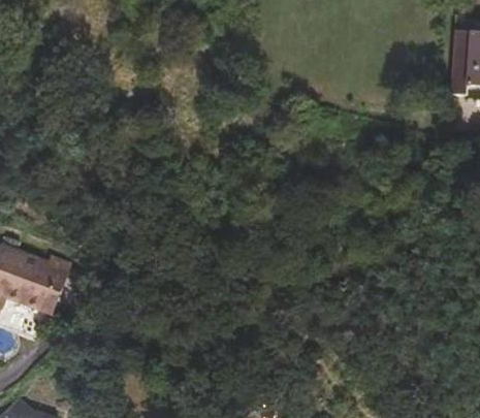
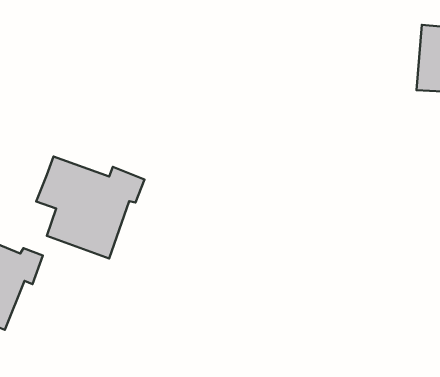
building: none -> [36,156,145,259]

